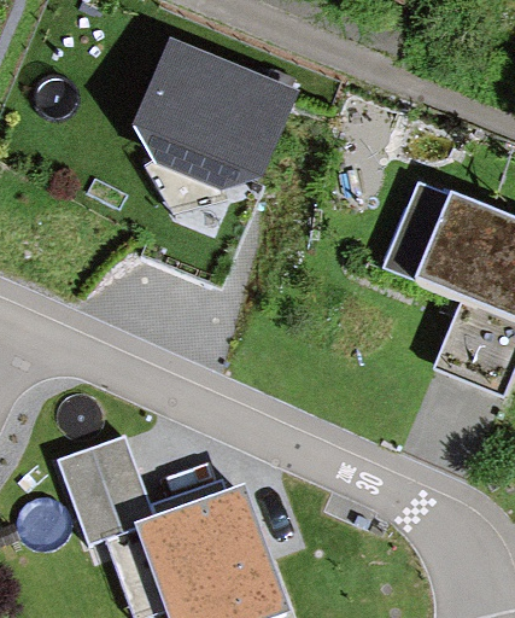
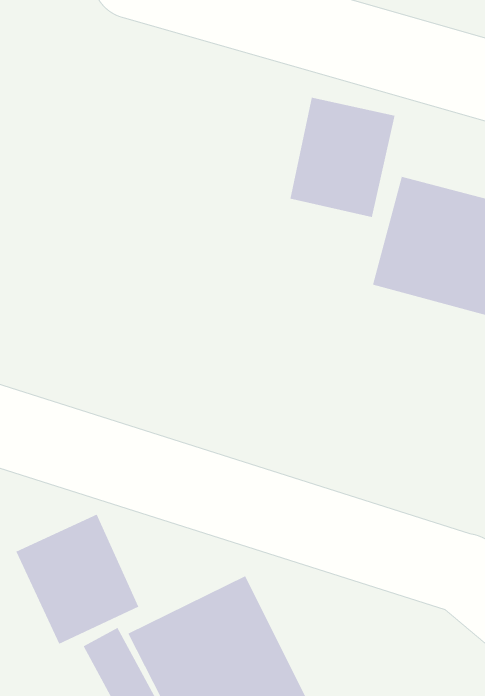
building: [136,43,295,190] -> none
building: none -> [290,97,395,218]

